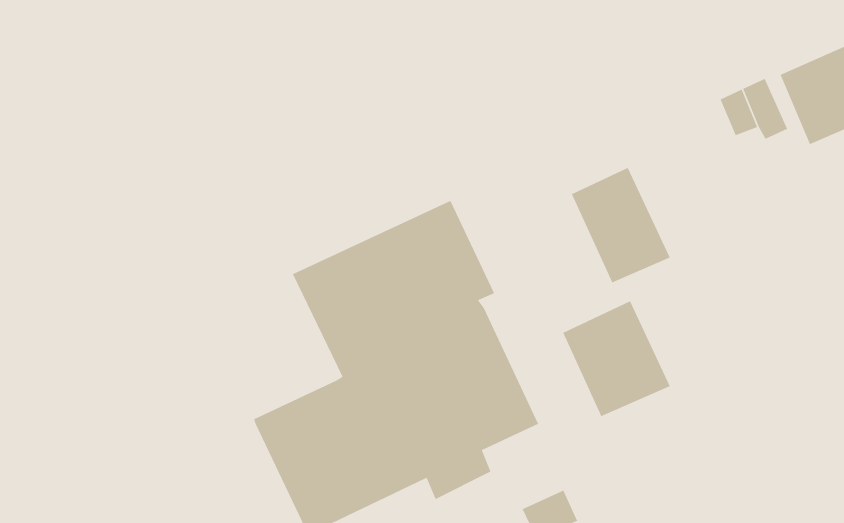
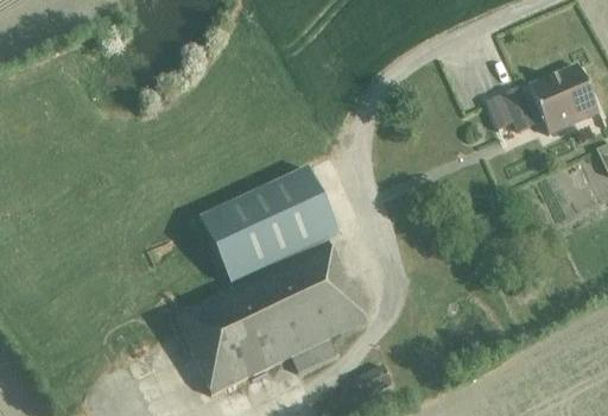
building: [571,167,671,283] -> none
building: [562,300,671,417] -> none

